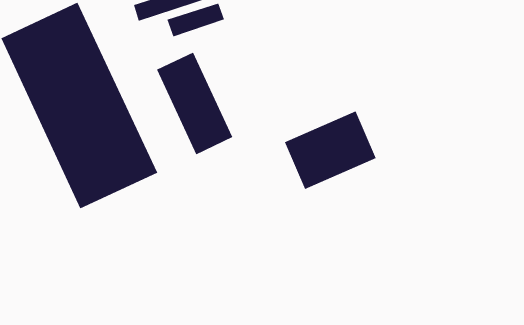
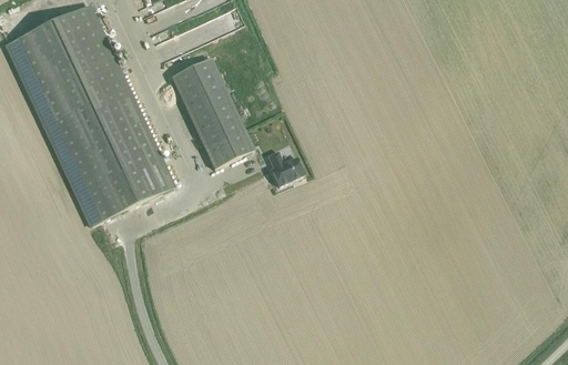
building: [284,111,376,190] -> none
building: none -> [266,150,303,185]

